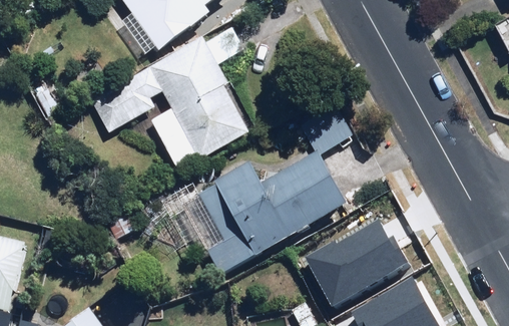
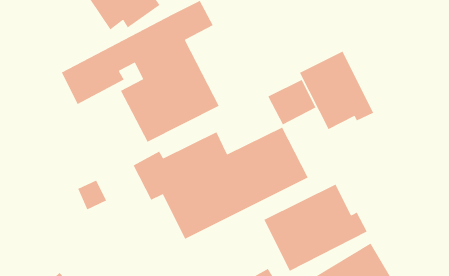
building: none -> [299,50,374,130]

